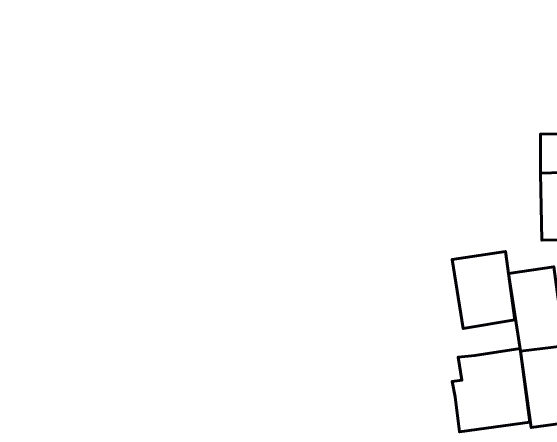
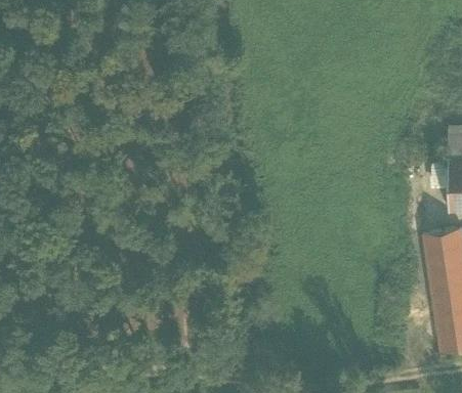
building: [452,252,515,329] -> none
building: [452,348,530,432] -> none

